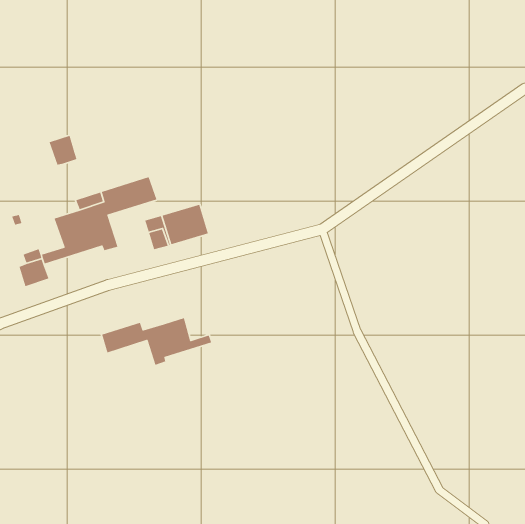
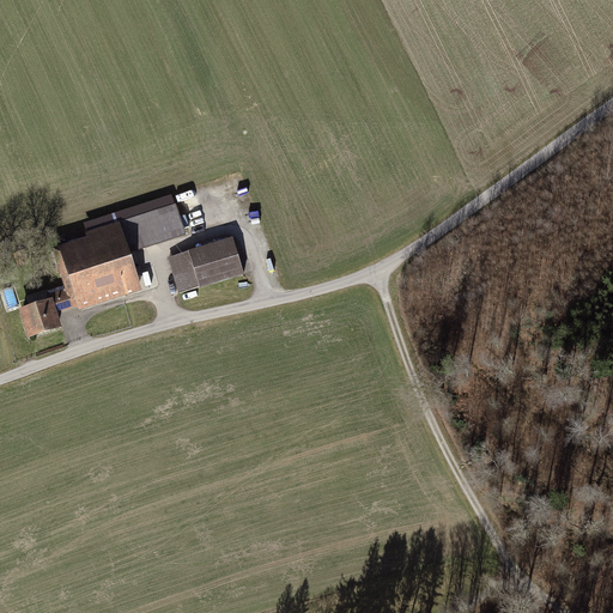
building: [49,135,78,166] -> none
building: [101,317,212,366] -> none

